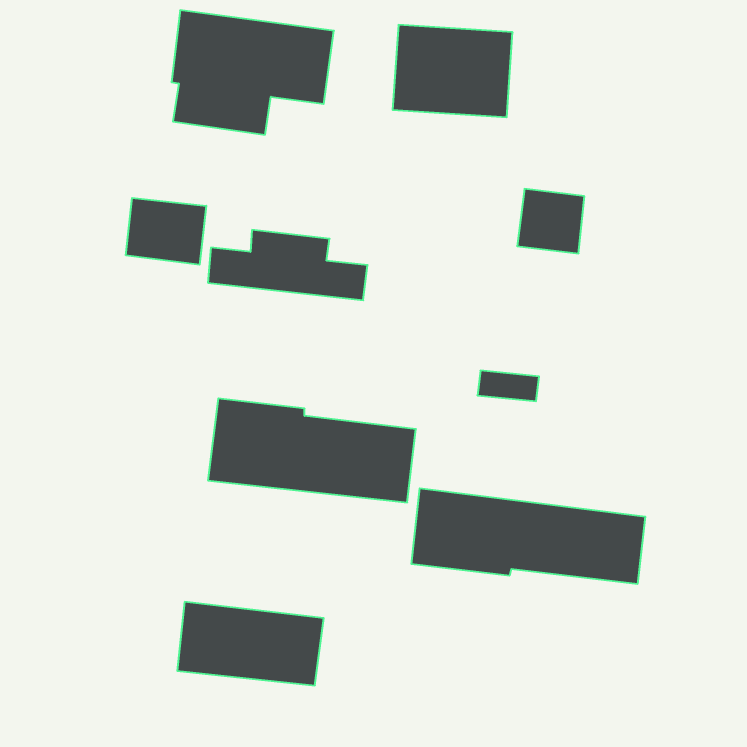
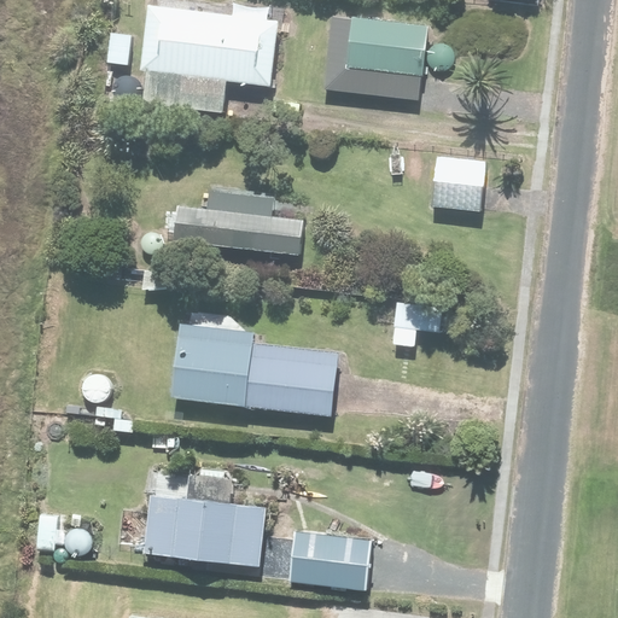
building: [126,198,206,265] -> none
building: [411,488,645,584] -> none
building: none -> [296,531,367,589]

